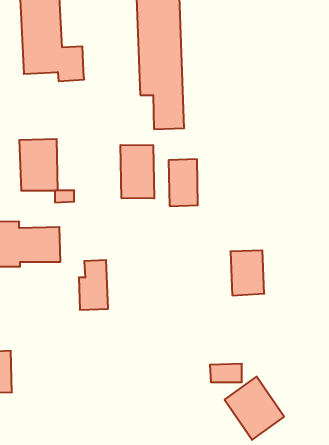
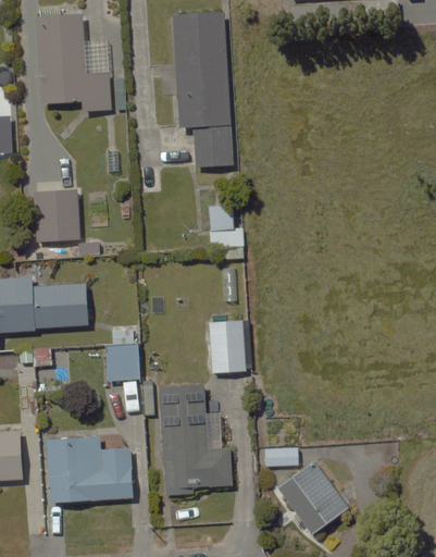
building: [121,145,154,199] -> none
building: [230,250,264,295] -> [208,319,248,372]
building: none -> [161,385,235,496]
building: none -> [48,440,135,500]

